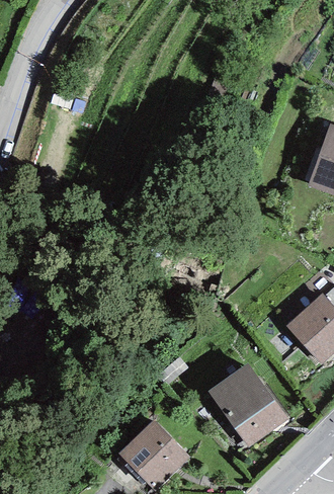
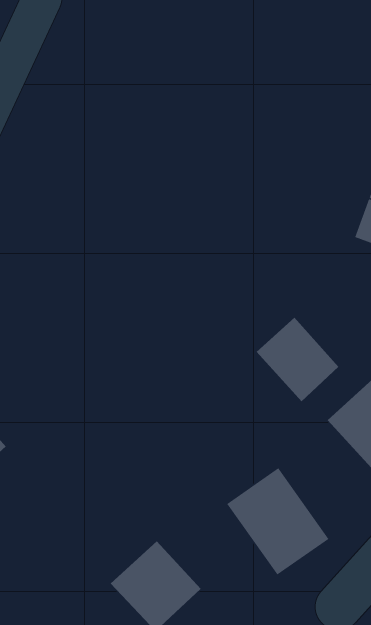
building: none -> [256,317,339,402]

